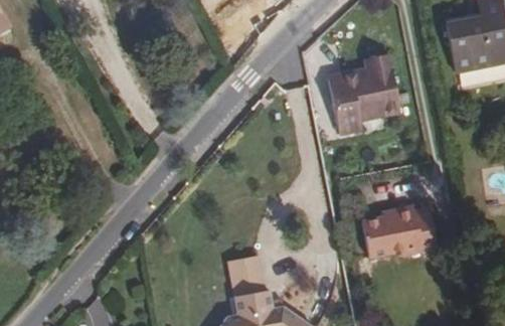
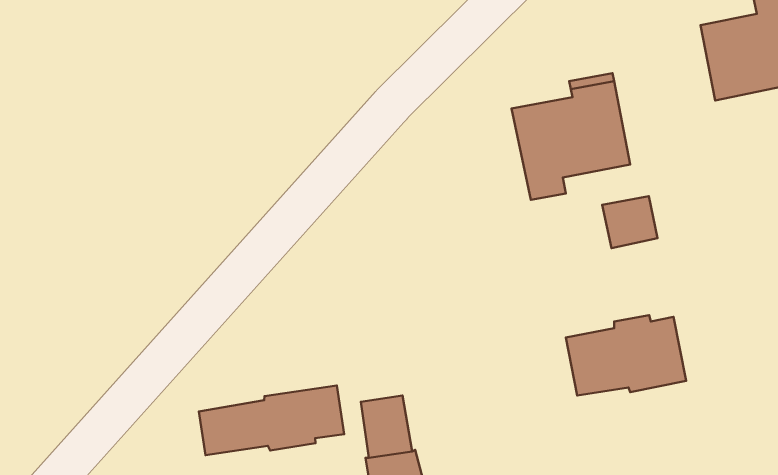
building: none -> [602,196,658,248]
building: none -> [199,385,344,455]

